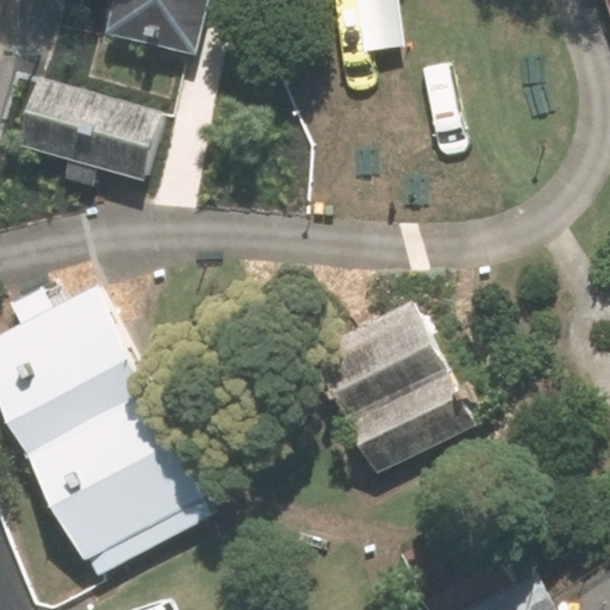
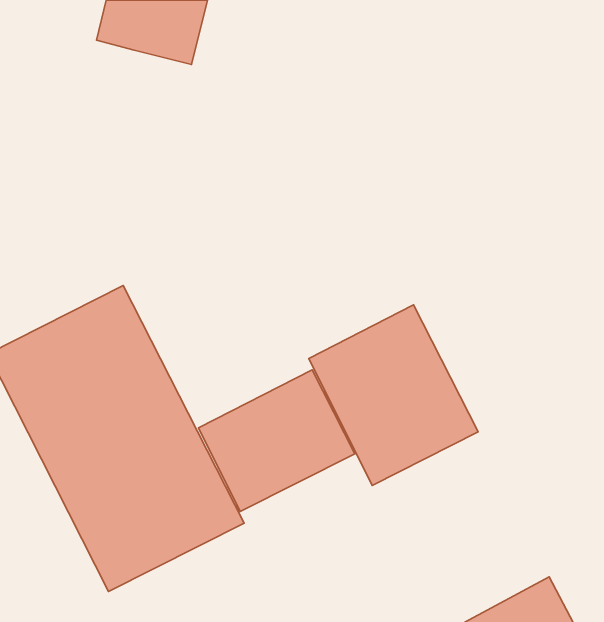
building: [15,79,156,178] -> none
building: none -> [198,370,355,511]

